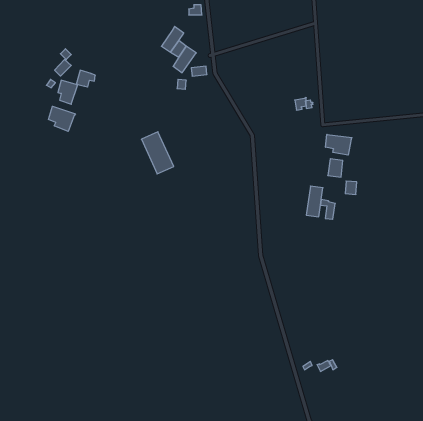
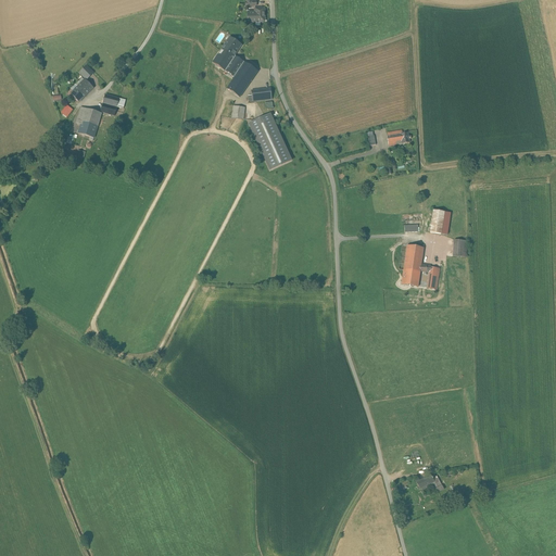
building: [48,106,75,131] -> none
building: [141,132,174,174] -> [249,113,291,168]
building: [326,134,352,155] -> none

